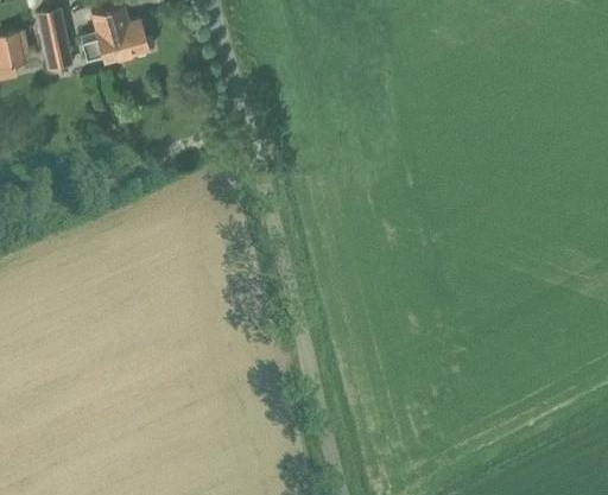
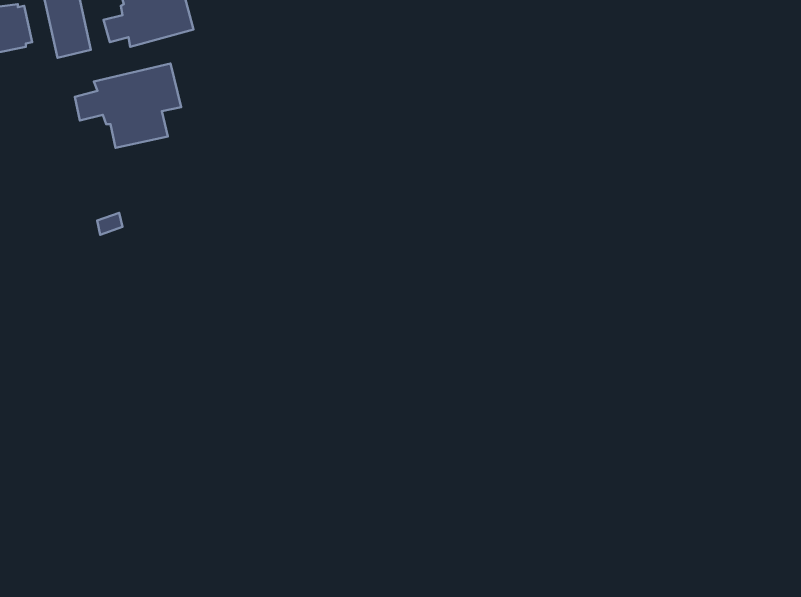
building: none -> [75,63,181,148]

